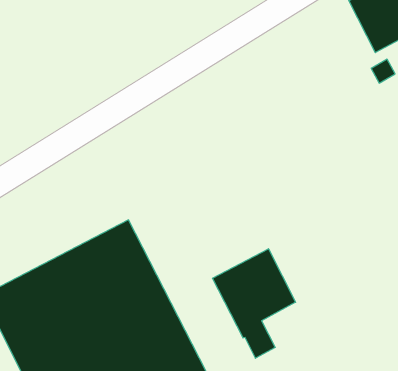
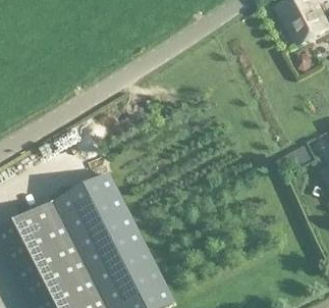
building: [213,249,296,358] -> none

